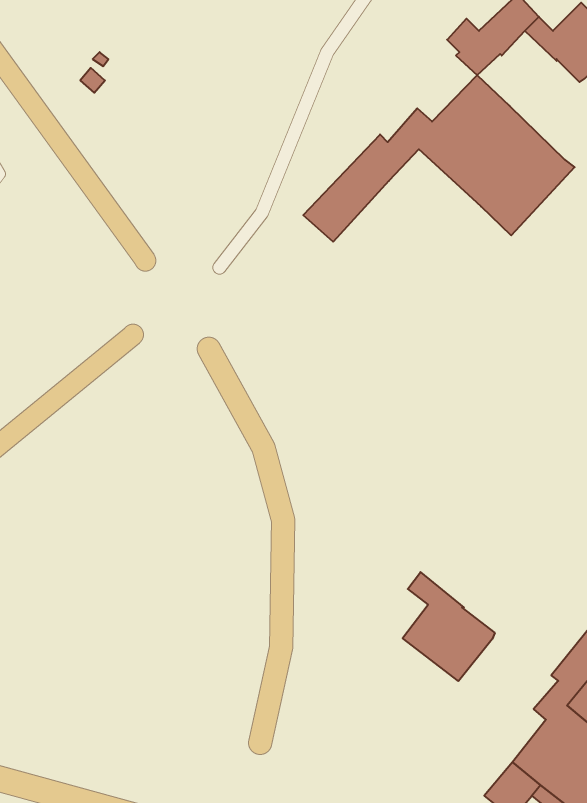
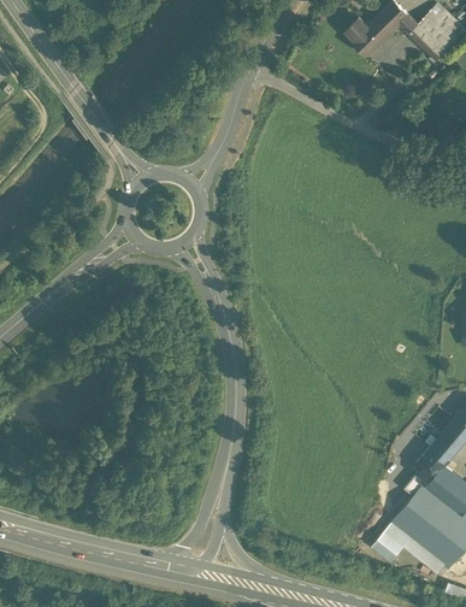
building: [303,75,575,242] -> none
building: [403,572,495,681] -> none

